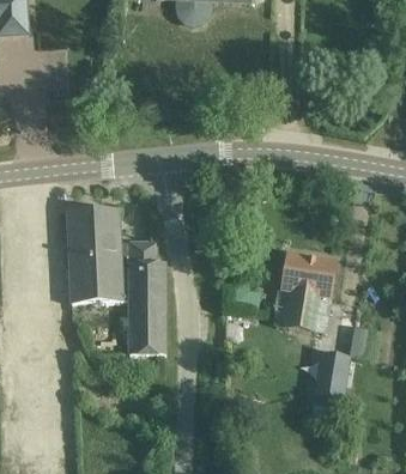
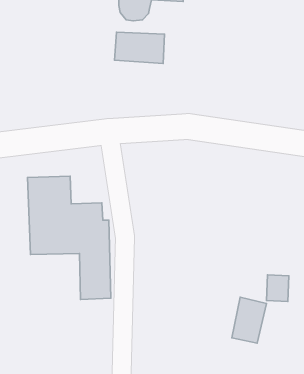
building: none -> [115,32,164,64]
building: [281,254,335,329] -> none

